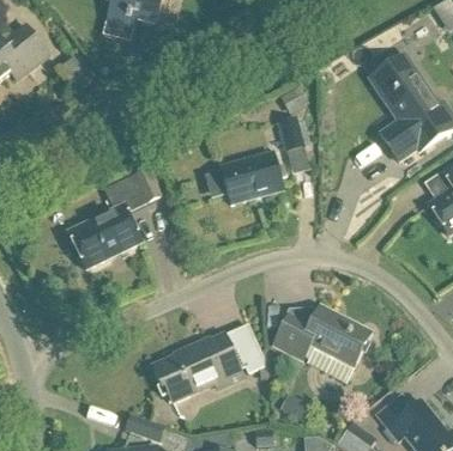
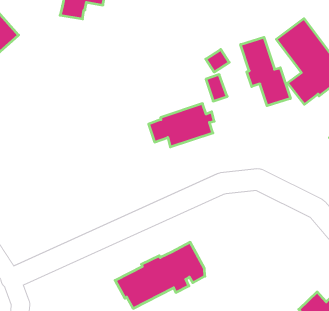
building: none -> [241,37,290,106]
building: [67,167,161,269] -> none
building: [272,305,372,367] -> none

